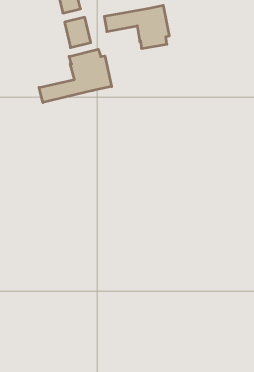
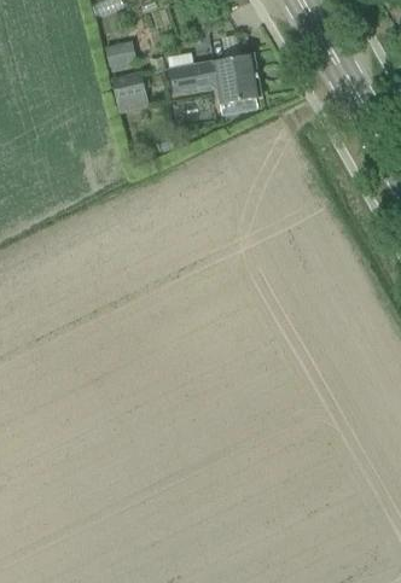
building: [39,49,112,103] -> none

